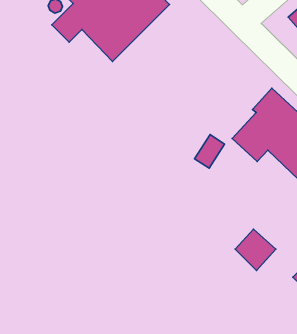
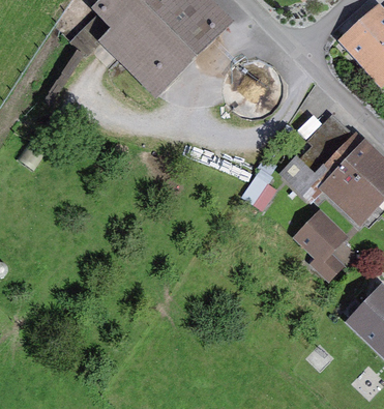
building: [235,229,276,271] -> [301,216,345,261]

